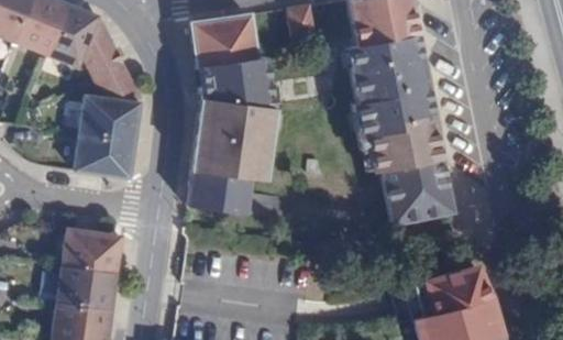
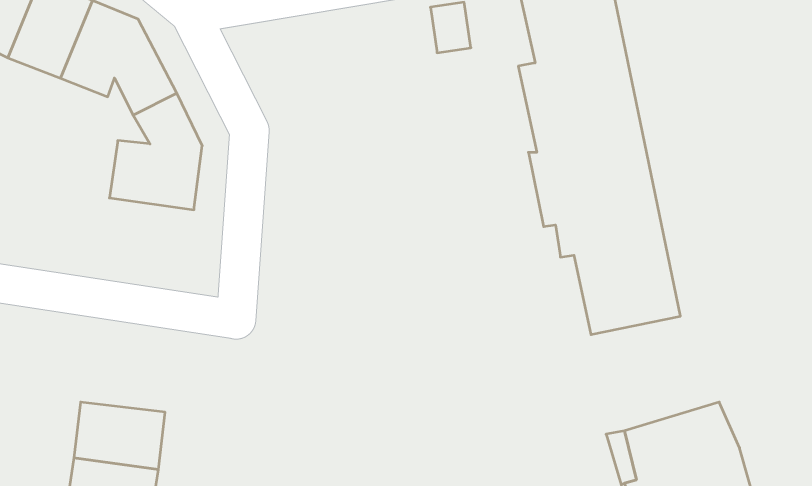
building: [188,14,274,213] -> none
building: [75,133,135,178] -> none
building: [62,228,122,273] -> none

